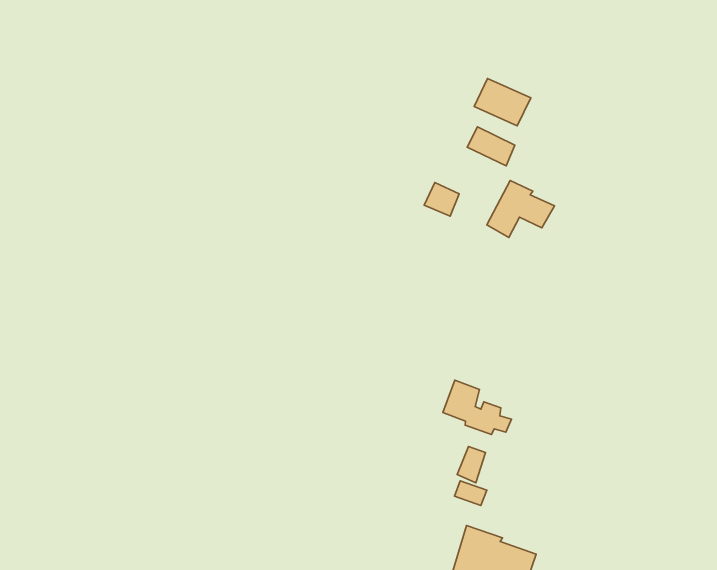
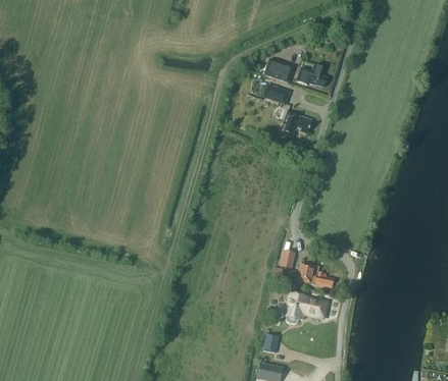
building: none -> [297,64,328,86]
building: [443,380,511,434] -> [298,261,334,286]

